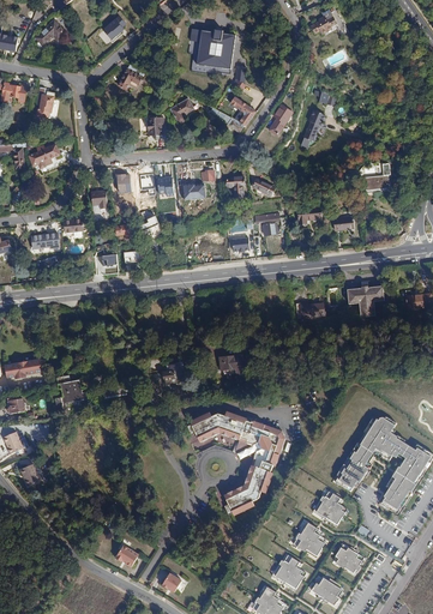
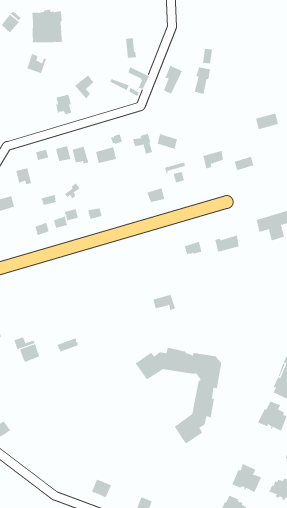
building: [197,29,236,70] -> [30,9,64,44]
building: [294,522,326,555] -> none

